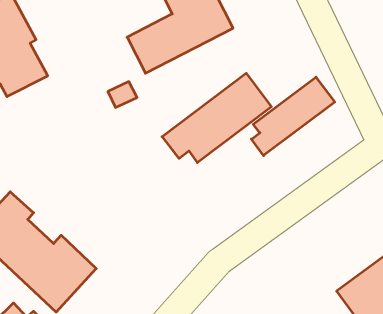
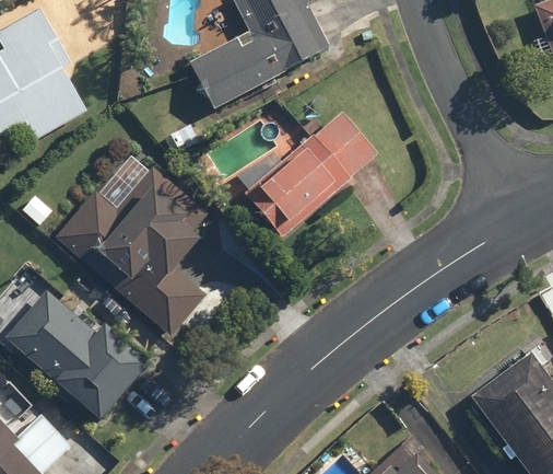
building: [251,77,335,156] -> none
building: none -> [54,164,209,335]

